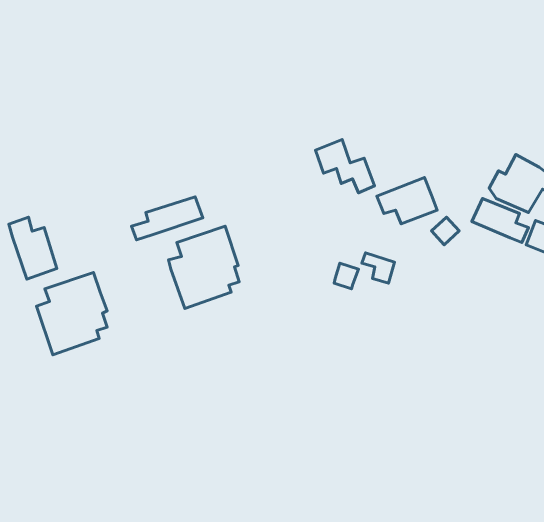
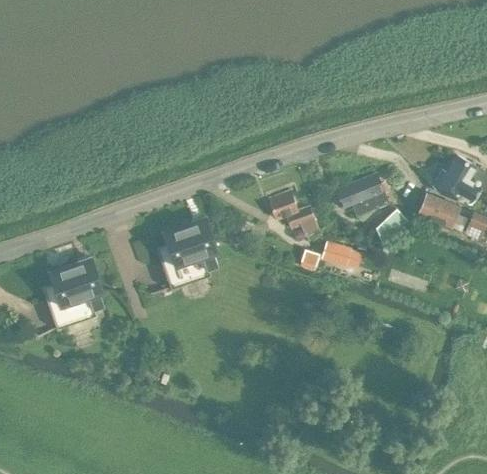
building: [316,140,375,193] -> [268,189,319,235]
building: [131,197,203,240] -> none
building: [9,217,57,279] -> none

